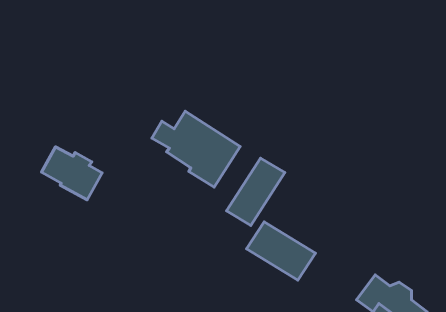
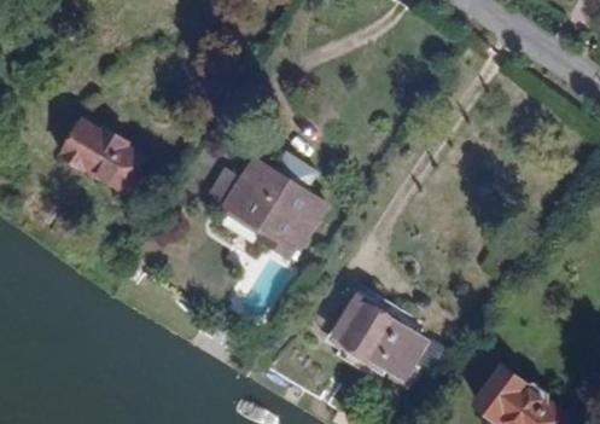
building: [42,147,102,200] -> [60,122,139,191]
building: [226,158,285,225] -> none

